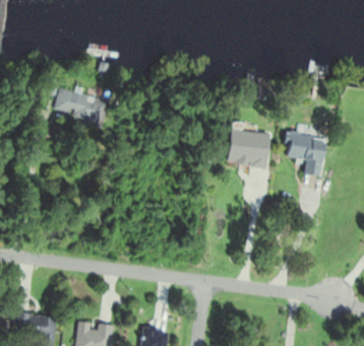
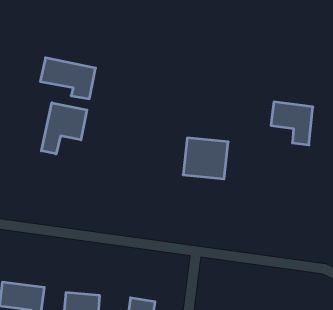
building: [226,128,270,168] -> [183,138,228,179]
building: none -> [41,103,87,154]

